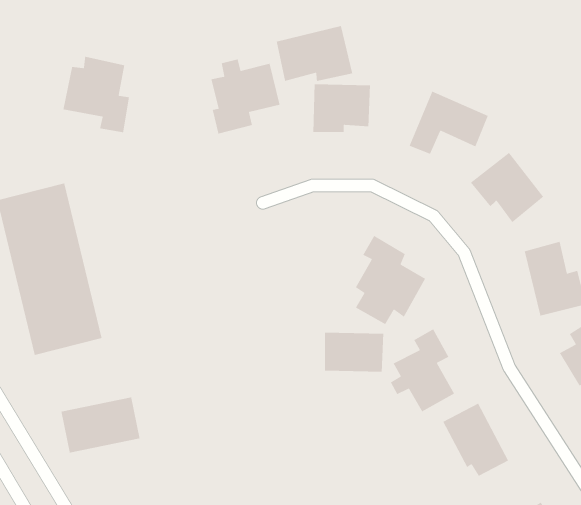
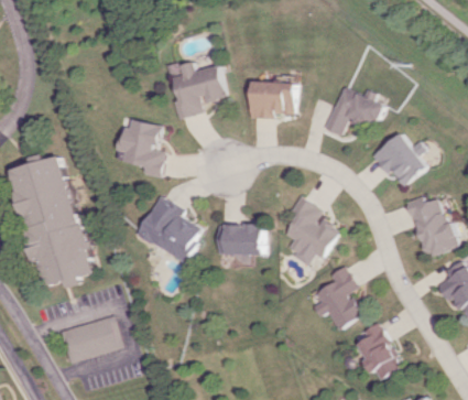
building: [276,25,353,82] -> none
building: [63,56,130,133] -> [116,119,166,177]
building: none -> [137,195,202,262]
building: [324,332,384,372] -> [217,224,262,255]

